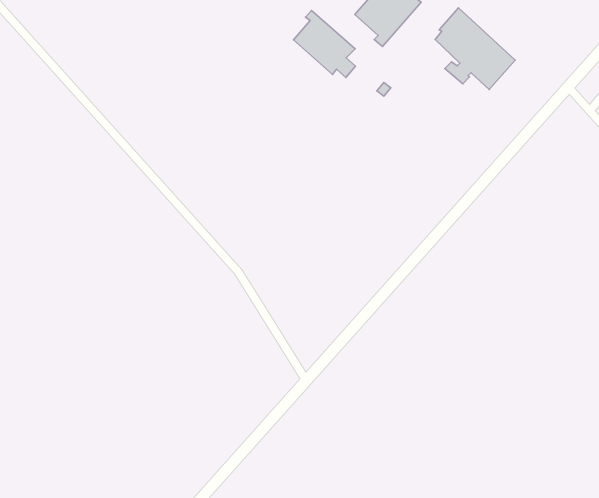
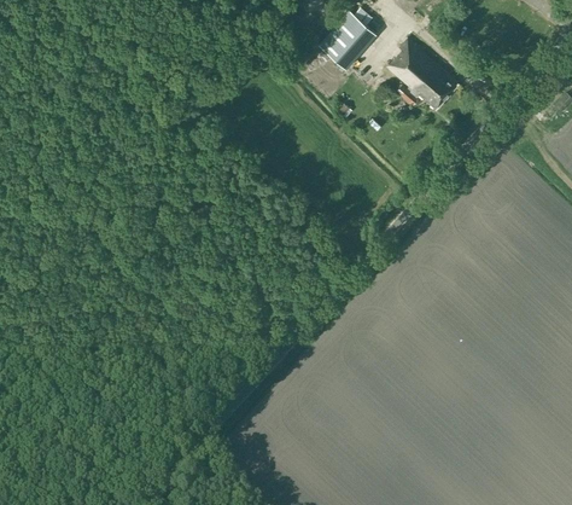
building: [294,11,355,78] -> none

